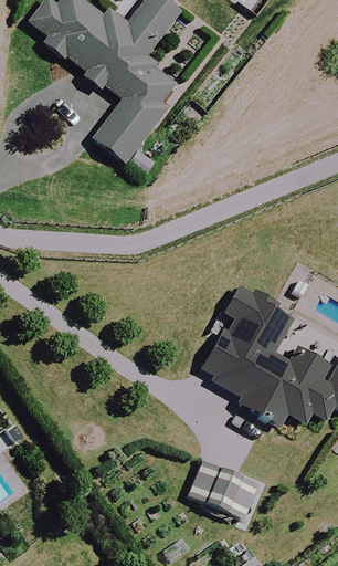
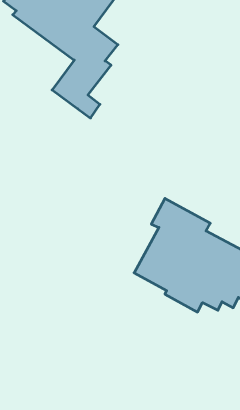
building: [188,464,257,520] -> none

